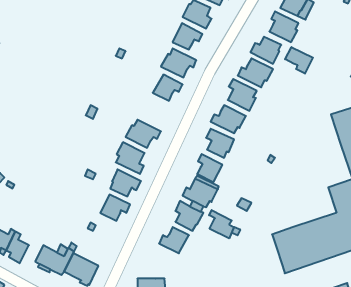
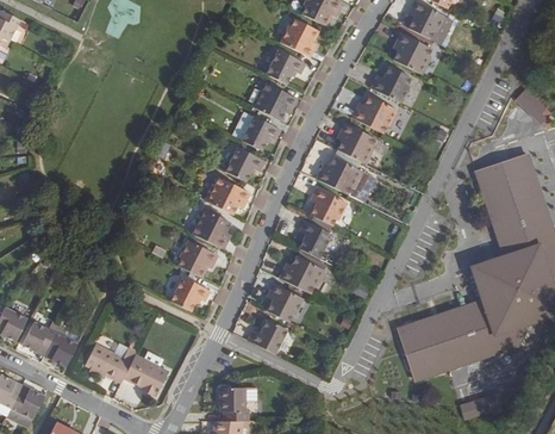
building: [285,47,313,74] -> none
building: none -> [225,147,264,182]
building: [209,210,234,238] -> none

